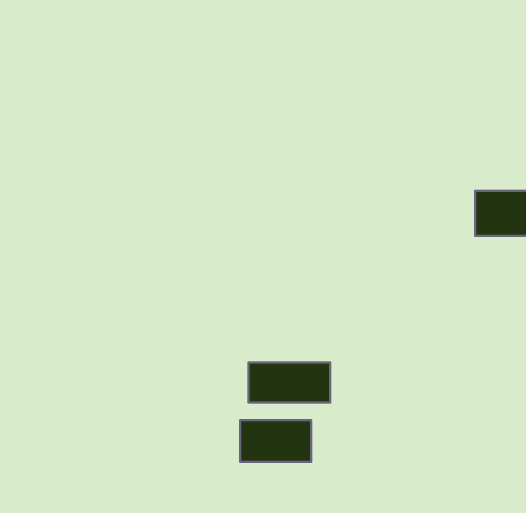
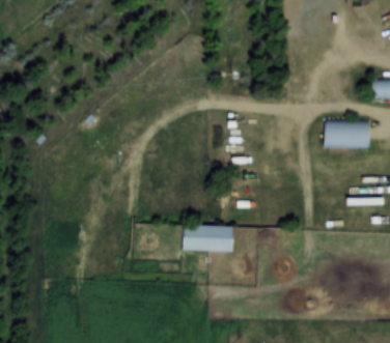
building: [240,420,311,462] -> none

